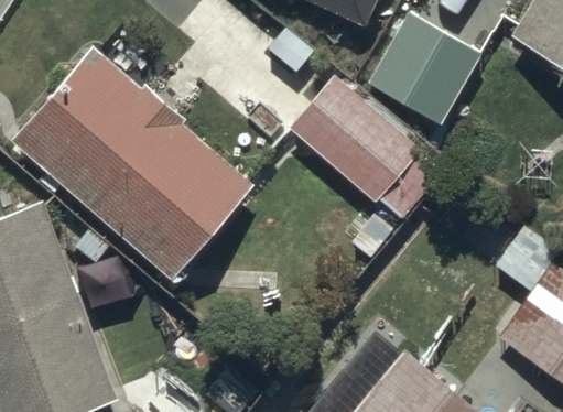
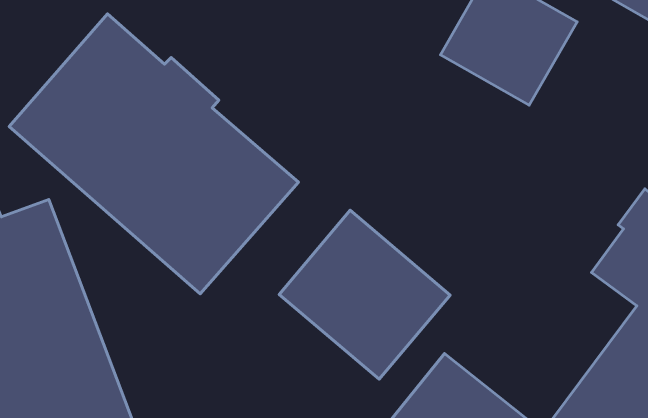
building: [288,77,439,218] -> none
building: none -> [279,210,450,379]

